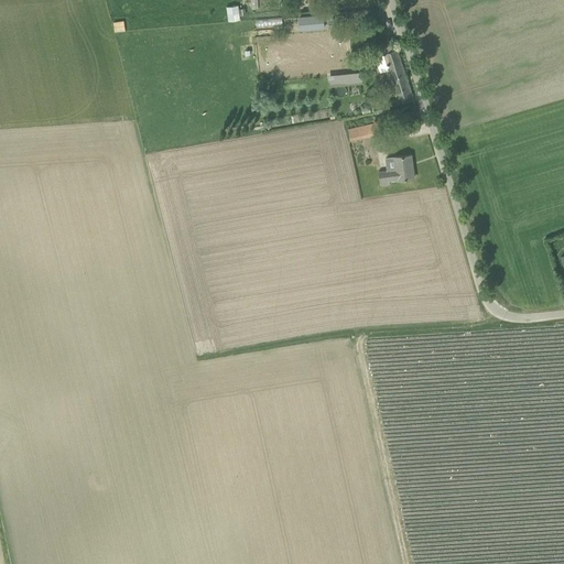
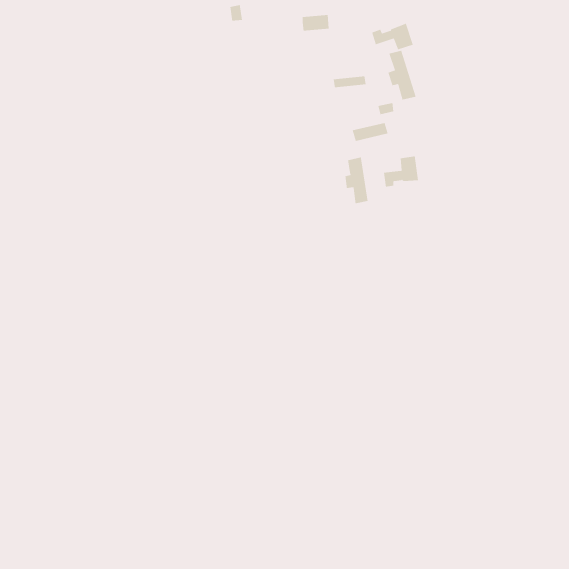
building: none -> [371,23,413,50]
building: none -> [345,157,368,204]

